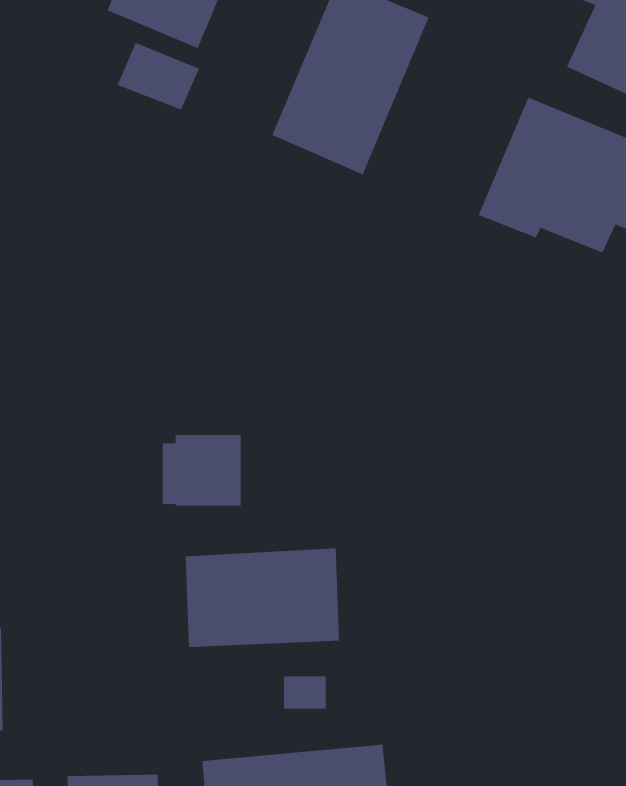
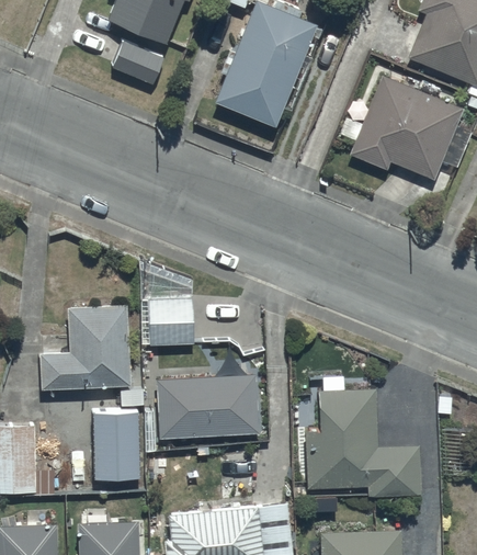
building: none -> [41,305,129,389]
building: none -> [307,382,421,496]
building: none -> [92,412,140,478]

